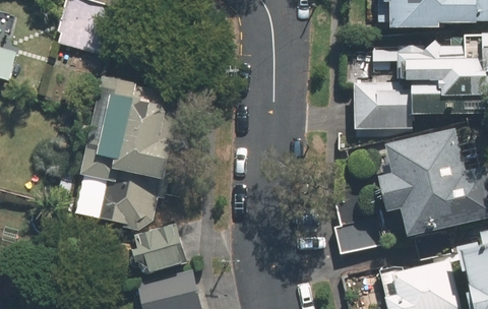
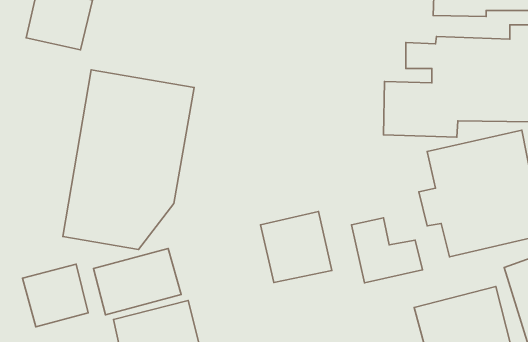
building: none -> [261,211,332,282]
building: none -> [23,264,88,327]

